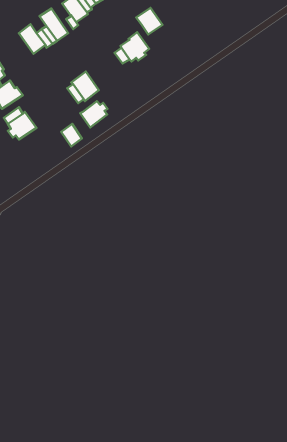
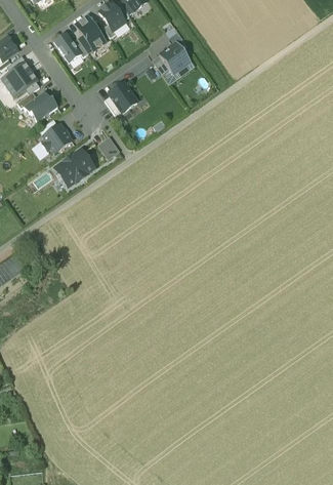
building: [136,8,163,35] -> none
building: [80,101,107,127] -> none
building: none -> [55,149,93,185]

